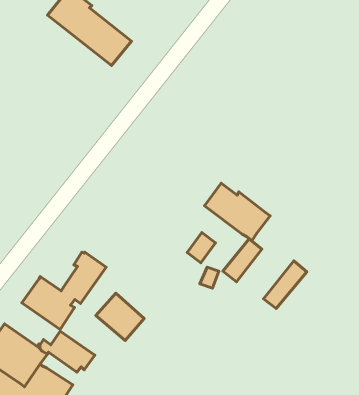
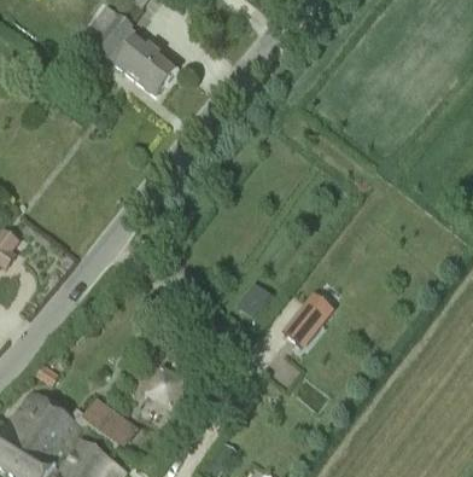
building: [204,183,270,241] -> none
building: [22,252,106,329] -> none
building: [263,261,307,309] -> none

